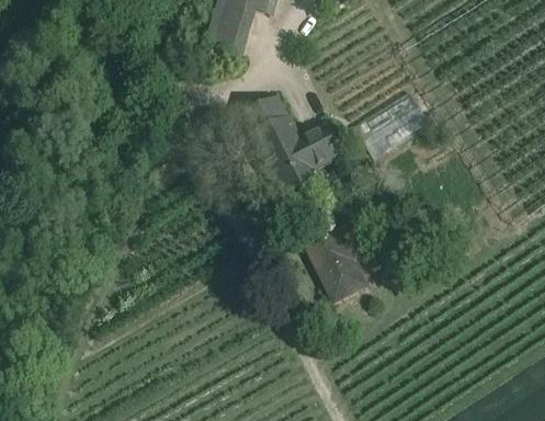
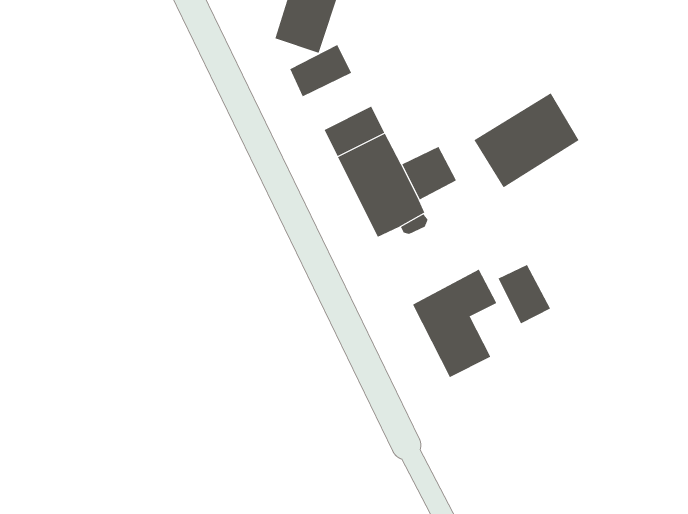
building: none -> [289,44,352,97]
building: none -> [498,264,551,324]

